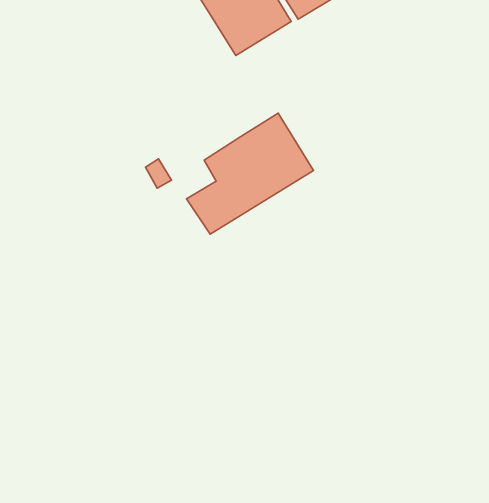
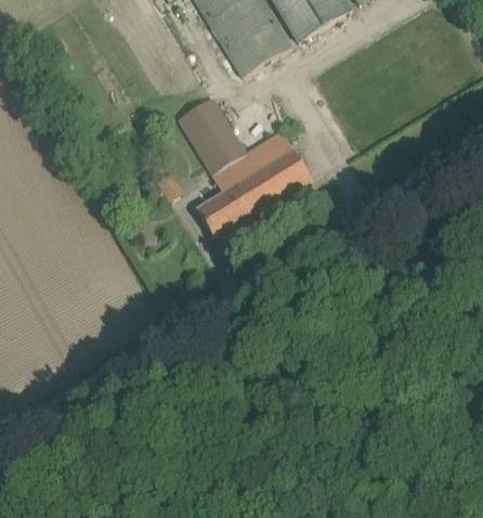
building: none -> [177,95,245,171]

